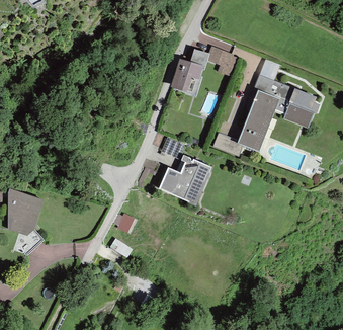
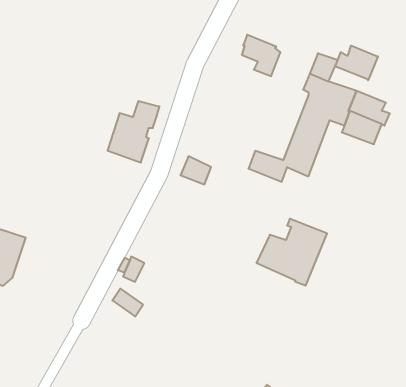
building: [170,49,209,95] -> [107,101,160,163]
building: none -> [335,46,378,80]
building: [158,155,211,205] -> [256,219,327,286]

